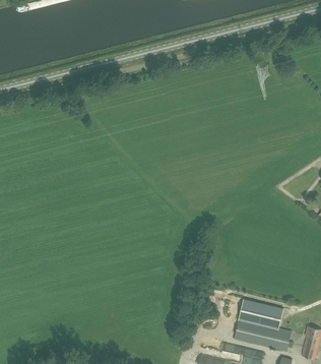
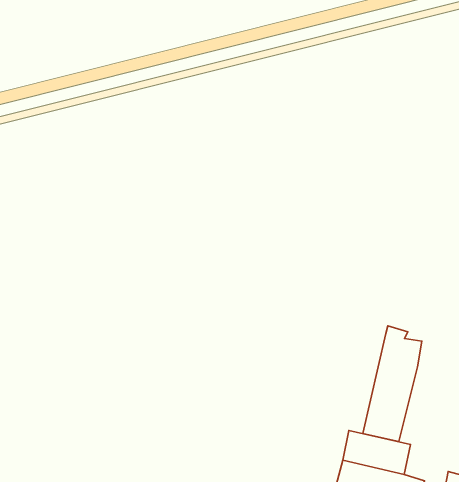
building: none -> [363,326,422,441]

